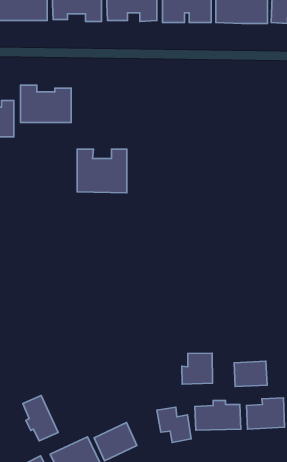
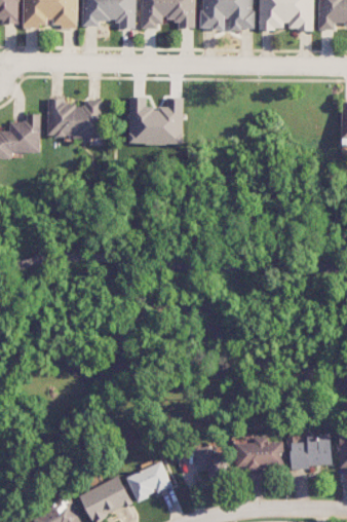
building: [77,149,127,193] -> [129,97,183,144]
building: [182,353,213,384] -> none
building: [234,361,267,387] -> none
building: [23,395,58,441] -> none

